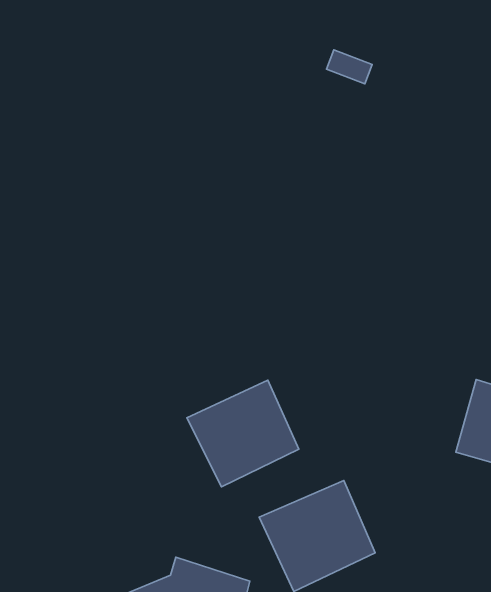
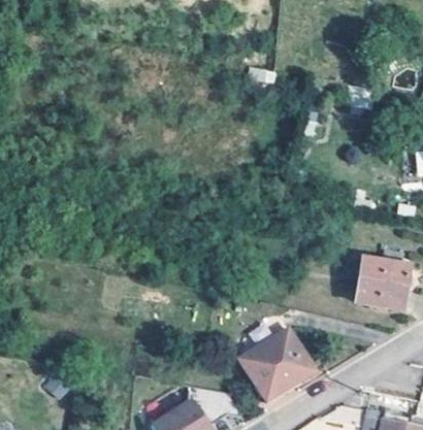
building: [187,380,299,487] -> none

